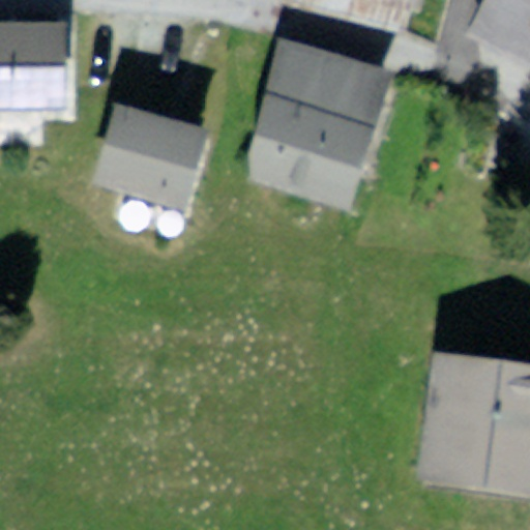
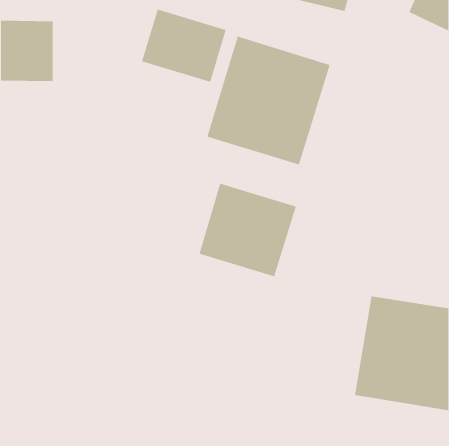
building: [102,111,203,198] -> [141,9,227,82]
building: none -> [199,183,296,277]

